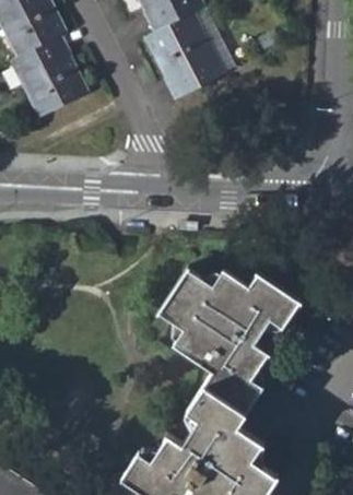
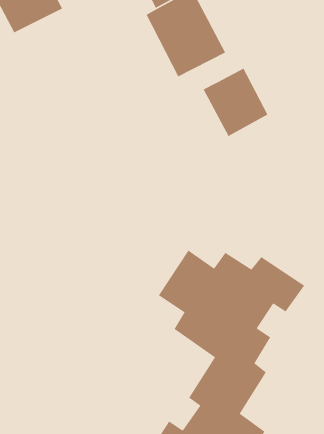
building: [11,38,89,119] -> none
building: none -> [203,68,269,137]

